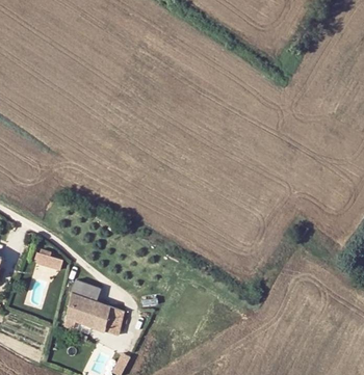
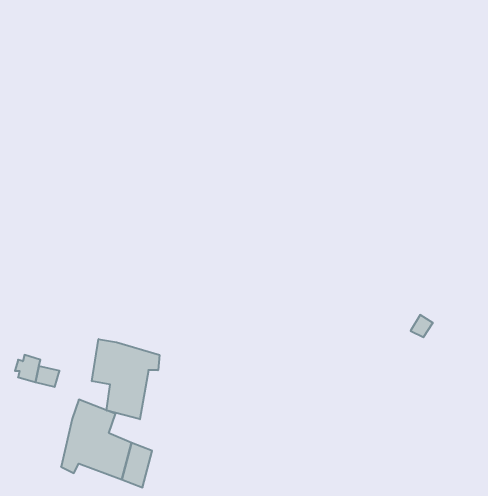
building: none -> [92,339,159,419]

